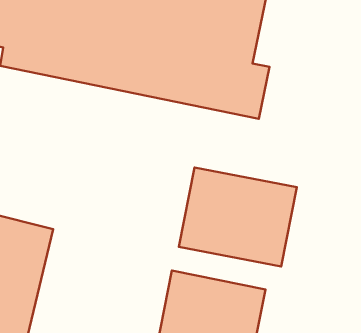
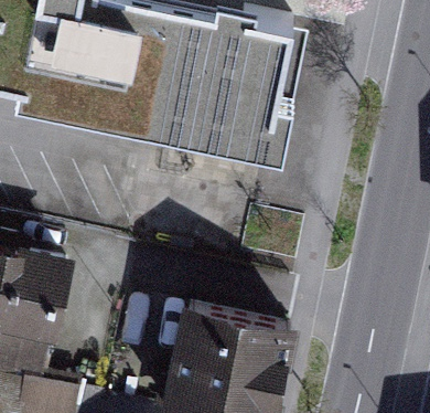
building: [179,168,297,266] -> none

